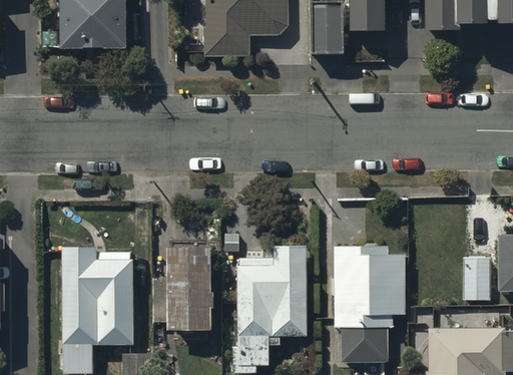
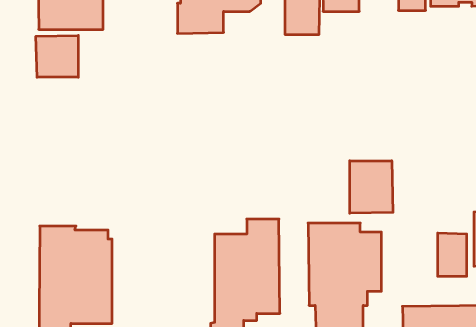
building: none -> [36,35,78,77]
building: none -> [350,161,393,213]
building: [155,246,214,331] -> none

